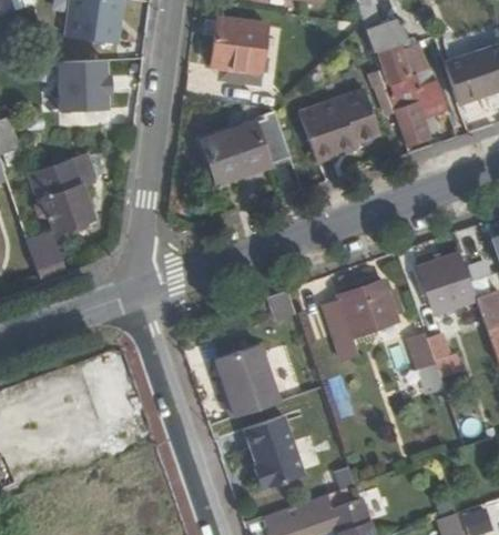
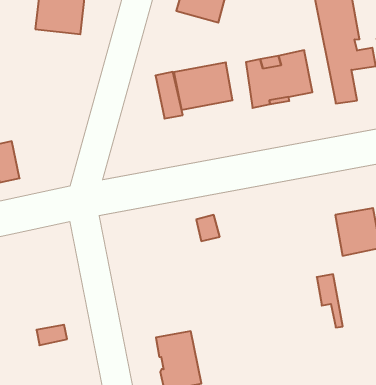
building: [38,157,99,235] -> none
building: [326,282,399,353] -> none
building: [213,351,276,422] -> none

